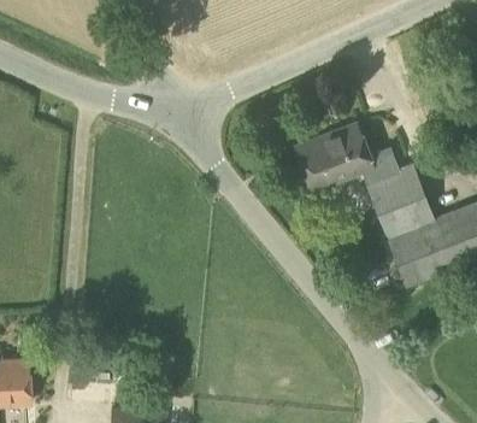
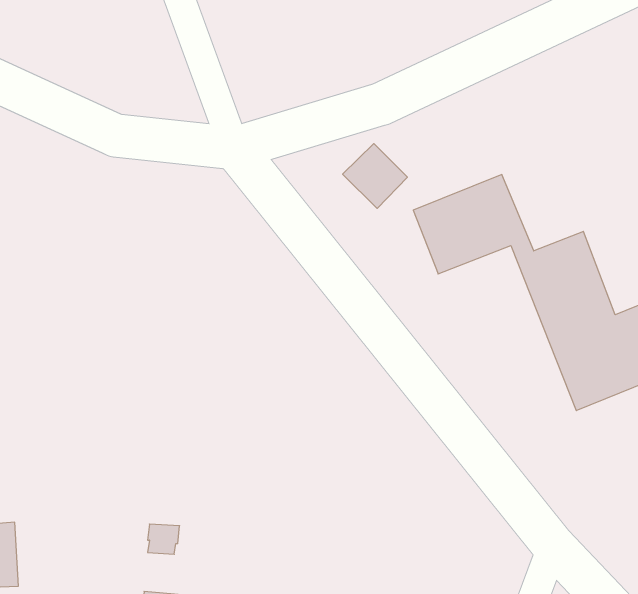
building: none -> [343,144,407,208]

